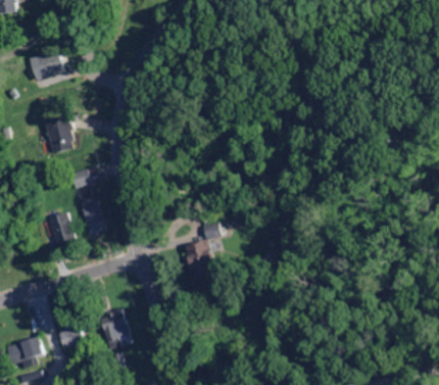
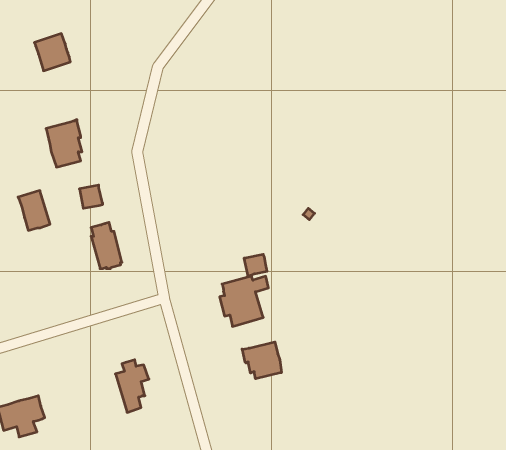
building: [49,213,75,245] -> [18,191,50,230]
building: none -> [242,342,281,379]
building: [58,323,84,347] -> none

